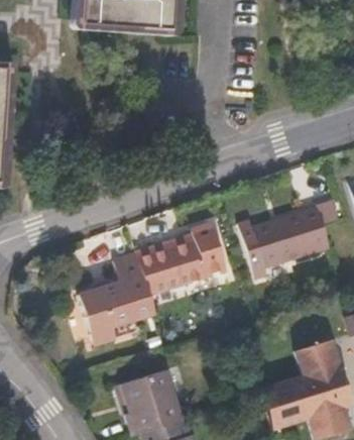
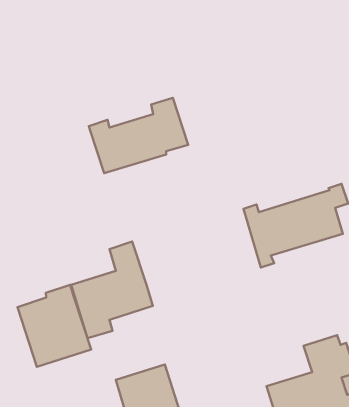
building: [134,225,226,295] -> [89,98,188,173]
building: none -> [18,285,91,367]

